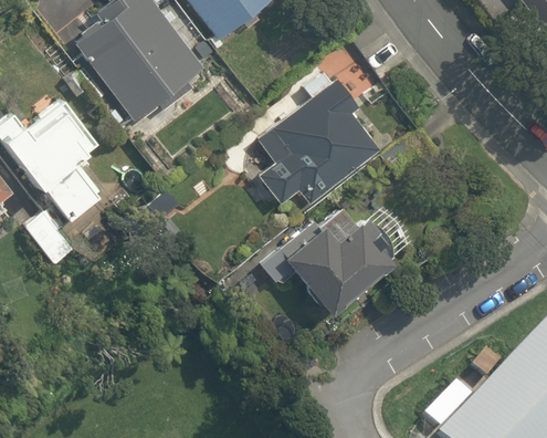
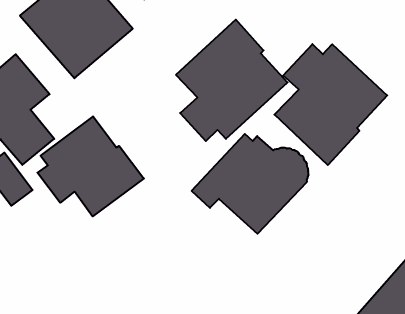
building: none -> [274,44,387,165]
building: none -> [37,116,144,216]

